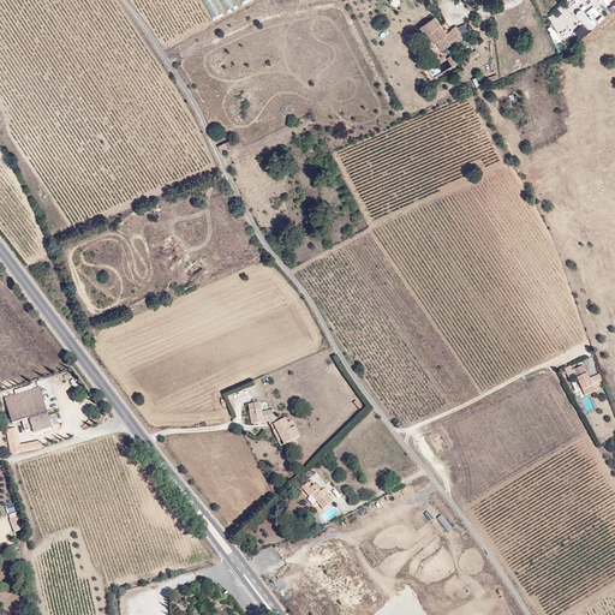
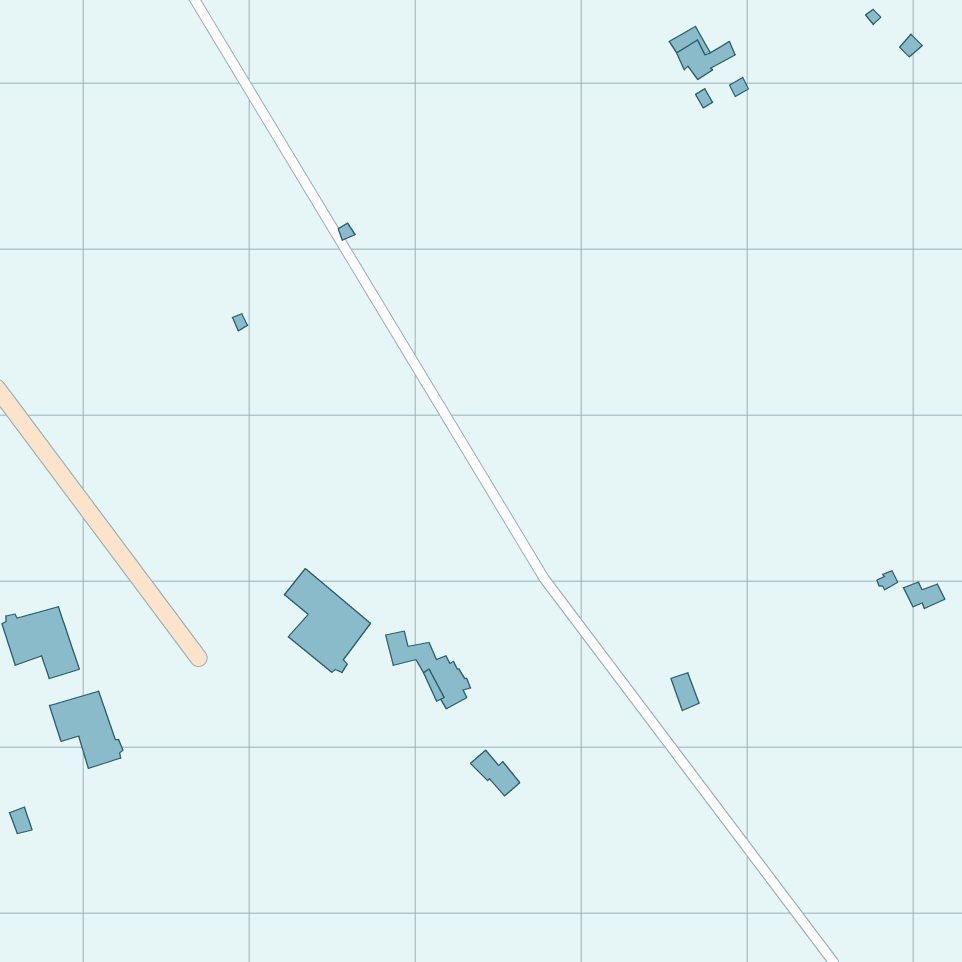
building: none -> [284,569,370,673]
building: none -> [50,691,123,768]

